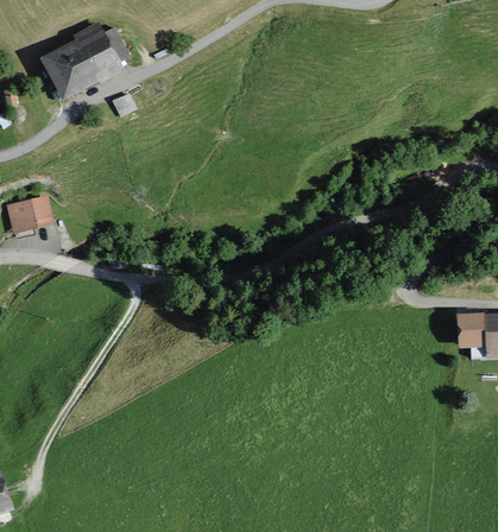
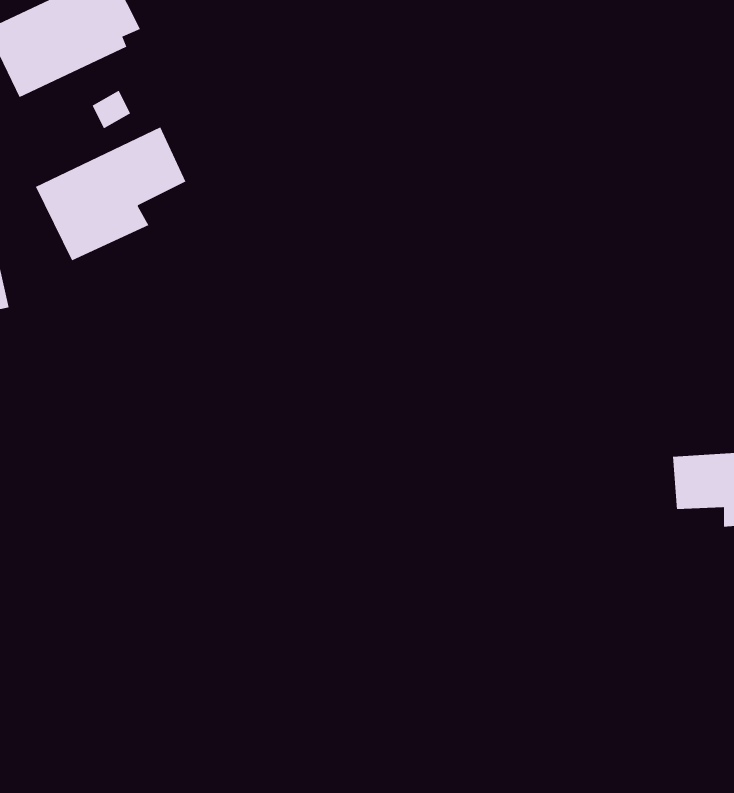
building: none -> [35,127,186,261]

